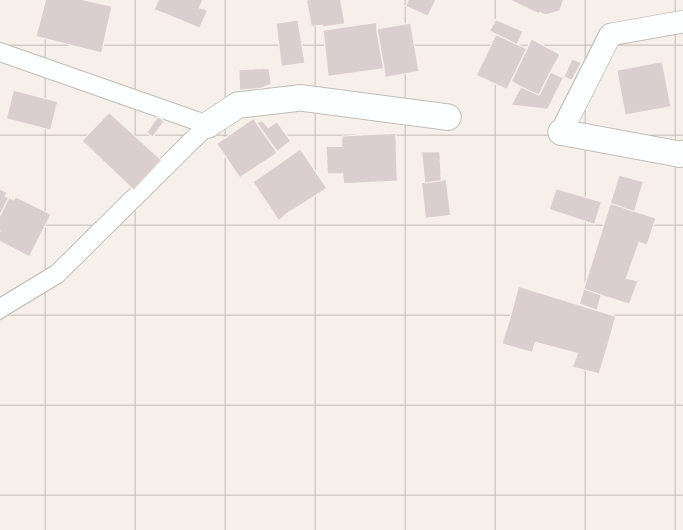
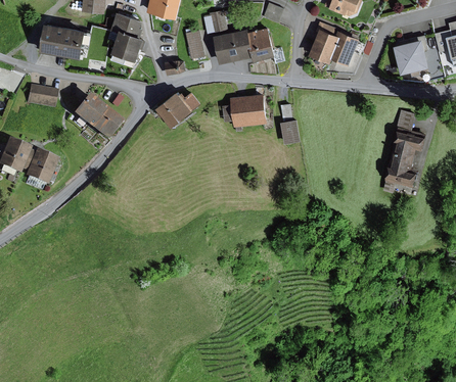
building: none -> [111,32,144,63]
building: [253,149,327,221] -> none
building: [549,189,601,225] -> none
building: [502,286,616,374] -> none

